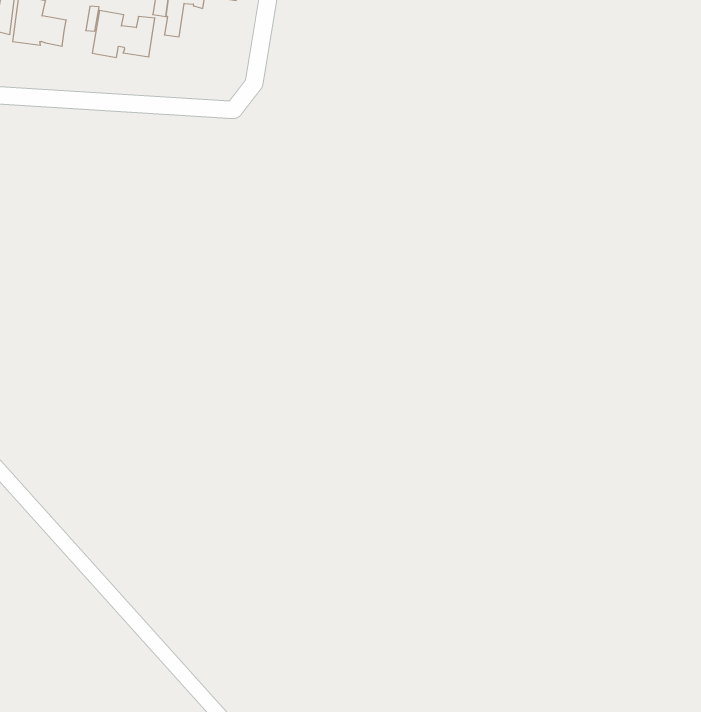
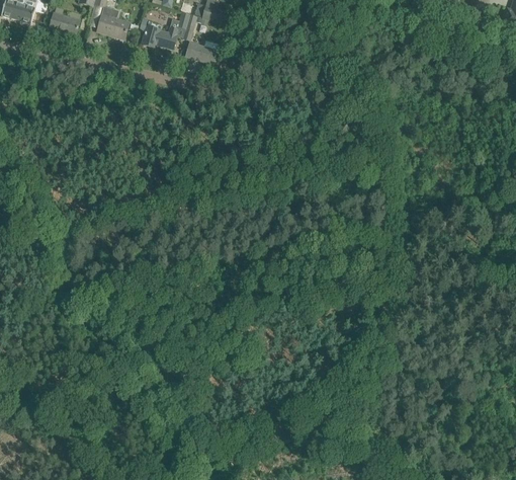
building: none -> [186,39,220,64]

